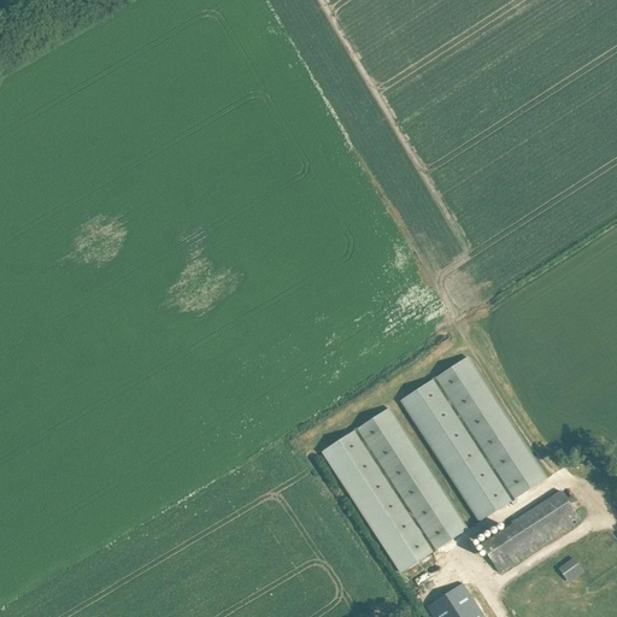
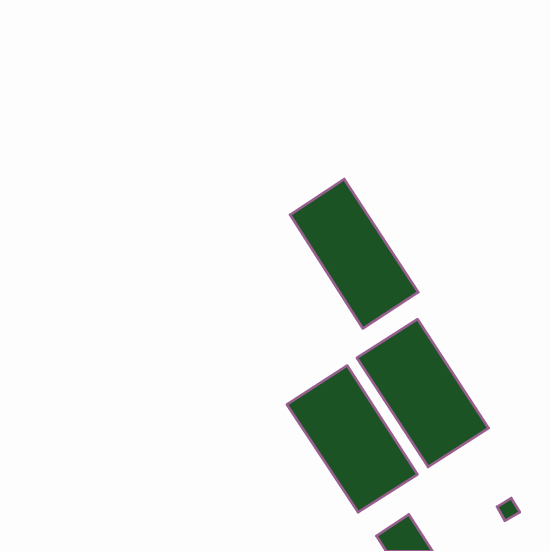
building: none -> [290,179,418,328]
building: [478,490,580,572] -> none

